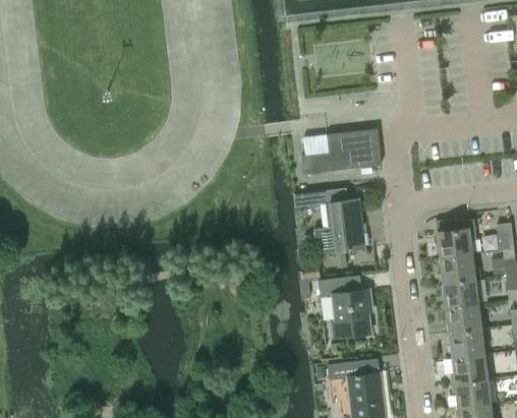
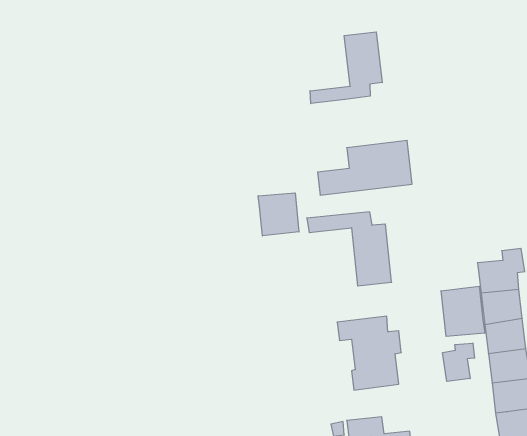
building: none -> [310,32,382,104]
building: none -> [258,193,299,236]
building: none -> [441,286,485,336]
building: none -> [443,343,475,381]

